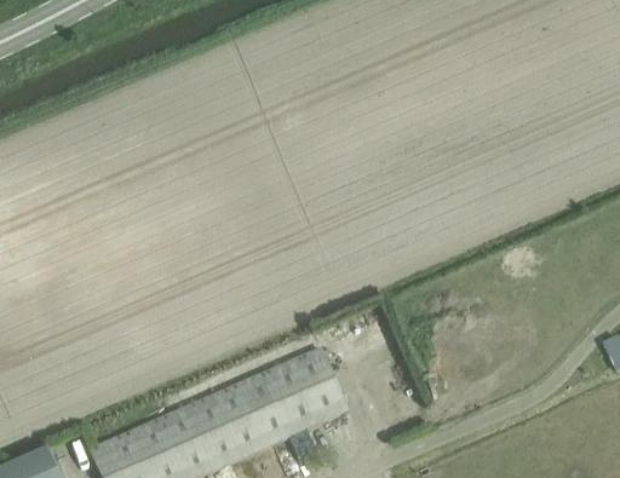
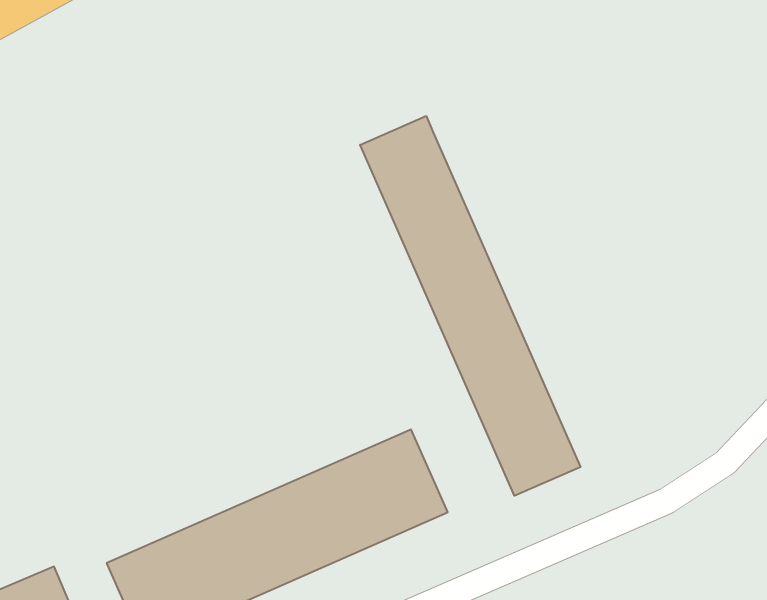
building: none -> [360,116,580,496]

